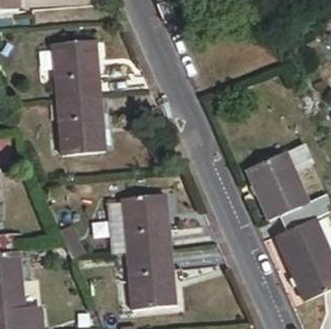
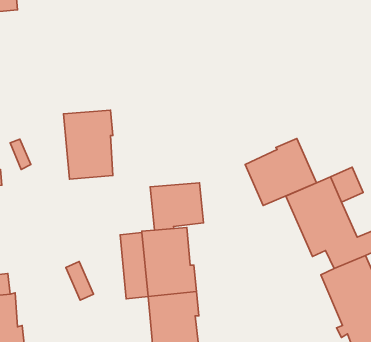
building: [54,40,98,98] -> none
building: none -> [245,139,316,206]
building: none -> [150,183,203,230]

